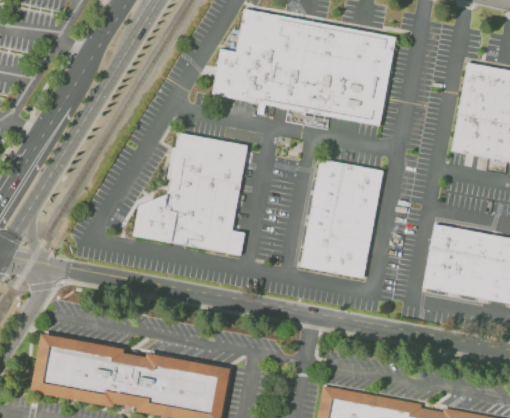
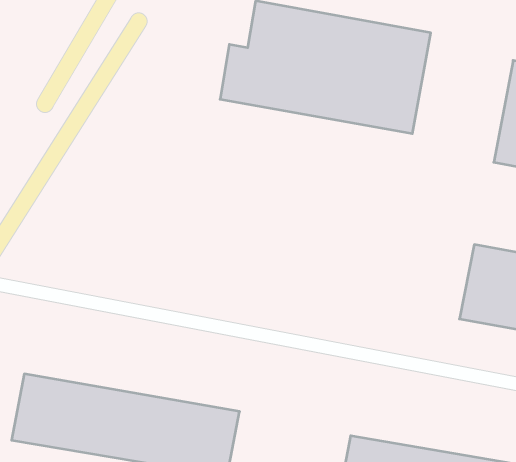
building: [133,132,249,255] -> none
building: [300,158,384,279] -> none

